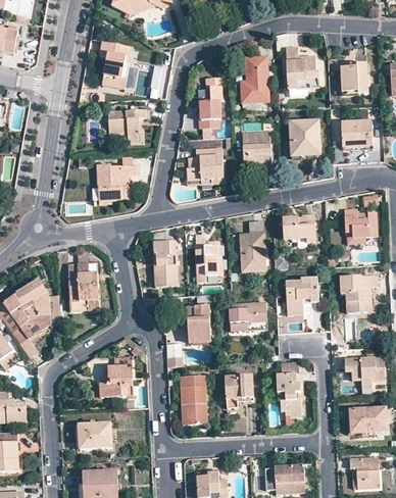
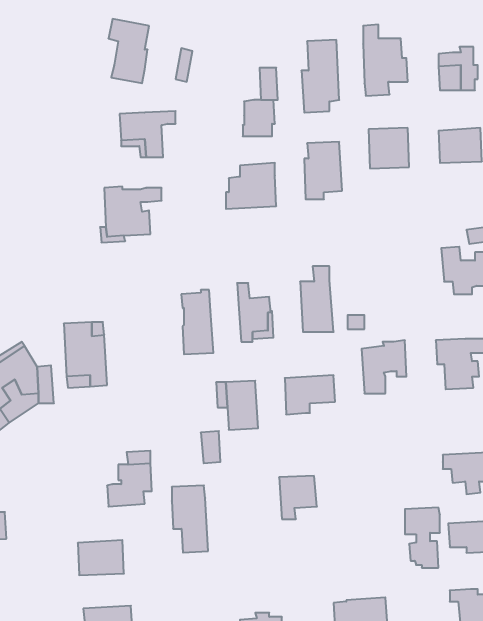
building: [282,214,314,242] -> none
building: [277,374,302,417] -> [405,508,440,568]
building: [180,376,206,425] -> [172,485,208,553]

